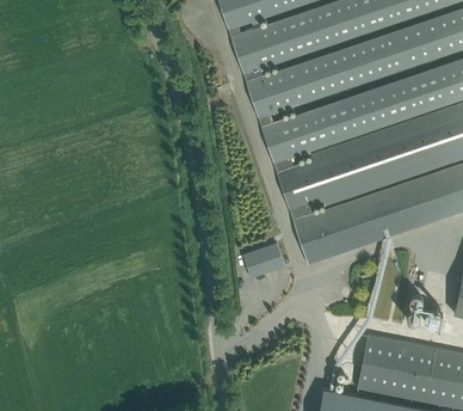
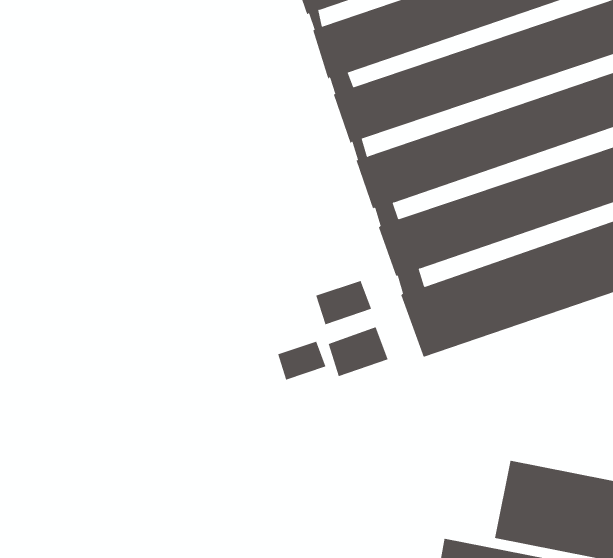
building: none -> [316,280,372,325]
building: none -> [277,341,326,381]

